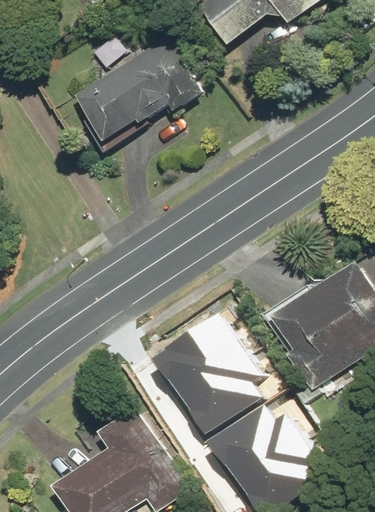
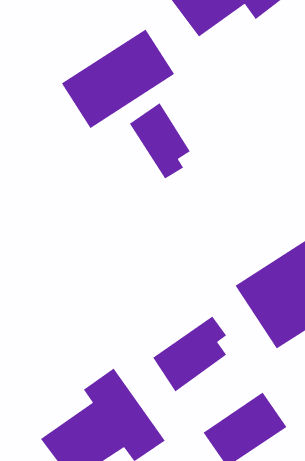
building: none -> [129,102,191,180]
building: [148,312,241,397] -> none
building: [203,404,296,479] -> none

